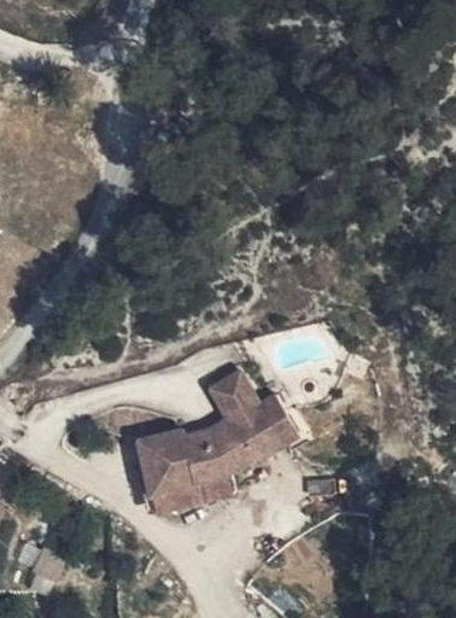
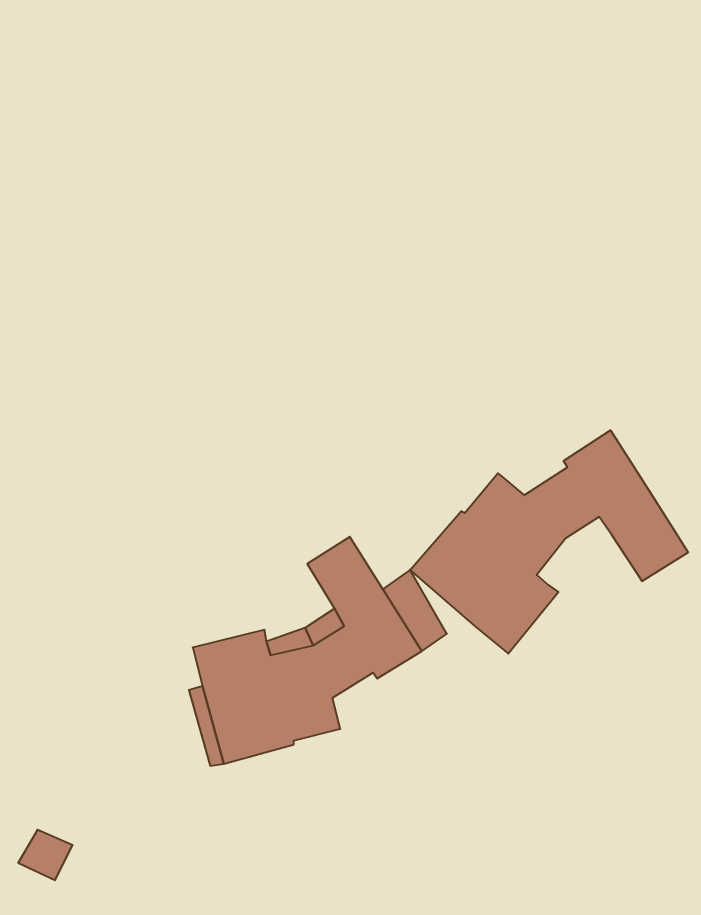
building: none -> [410,430,688,654]

